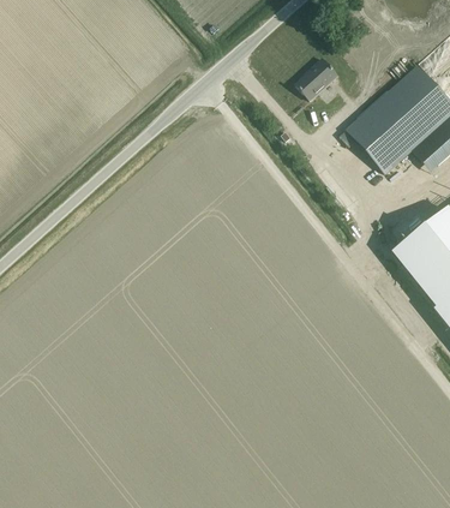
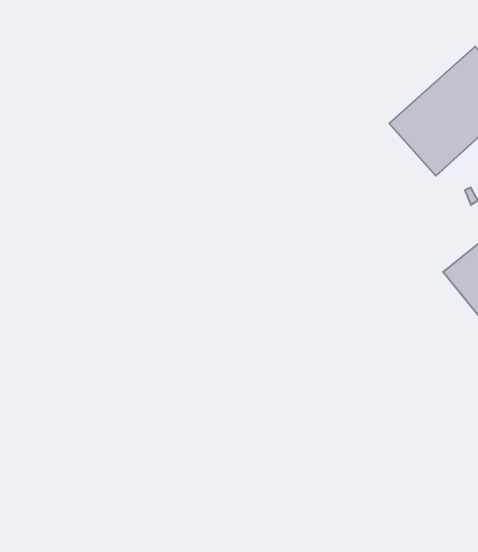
building: [295,58,337,100] -> none

